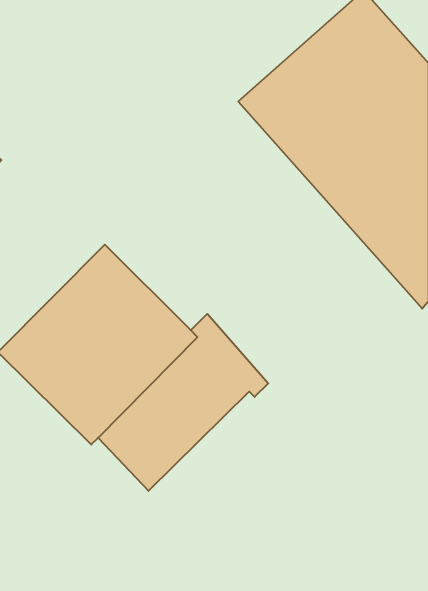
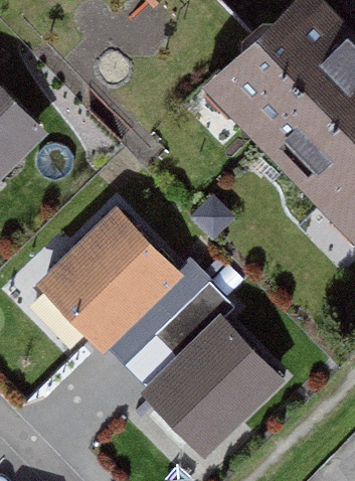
building: none -> [143,312,286,454]

